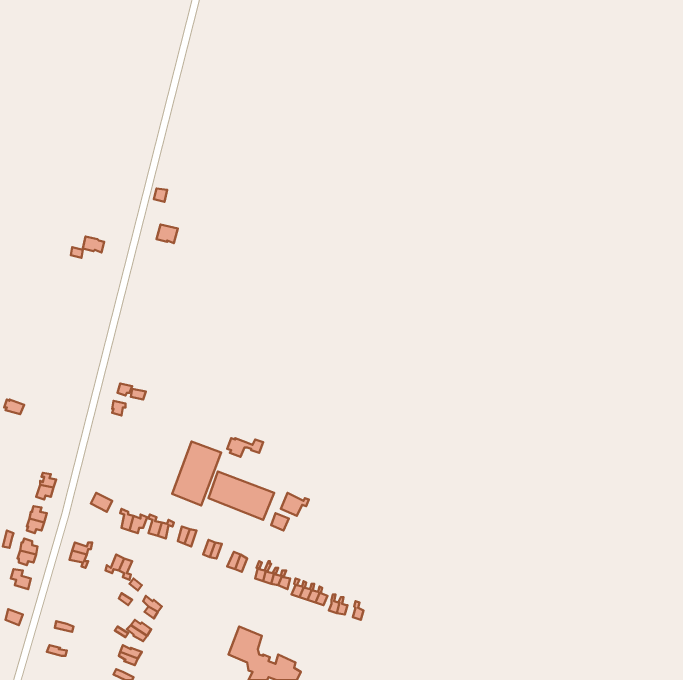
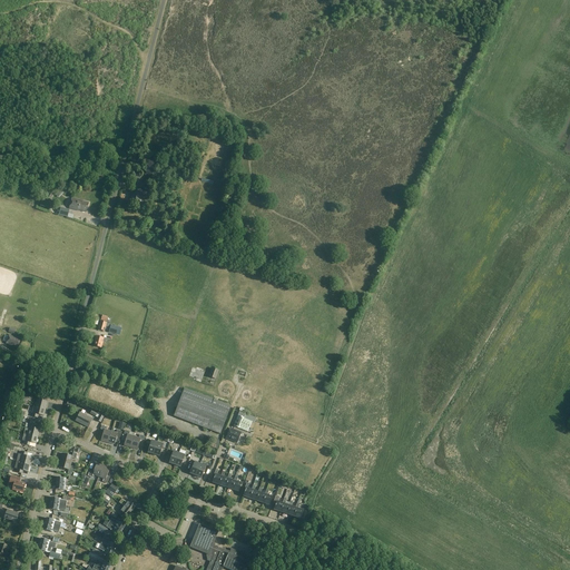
building: [172,442,221,505] -> none

